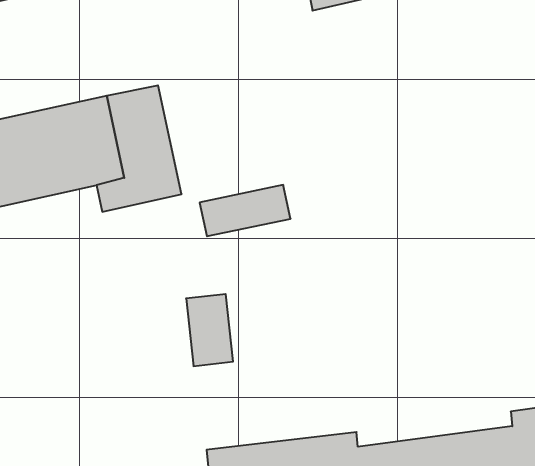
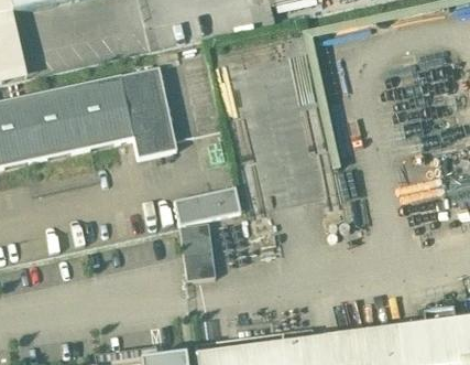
building: [200,185,291,236] -> [177,184,245,223]

